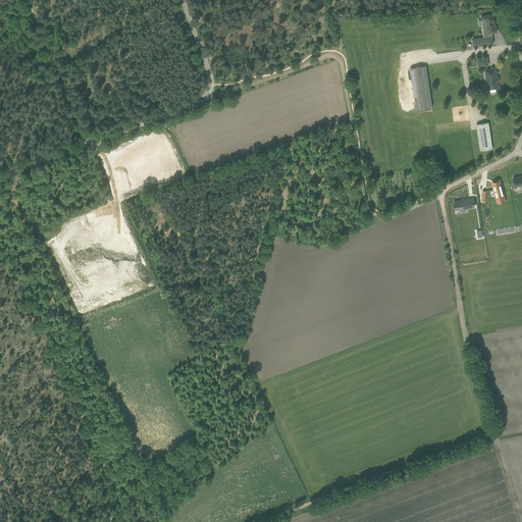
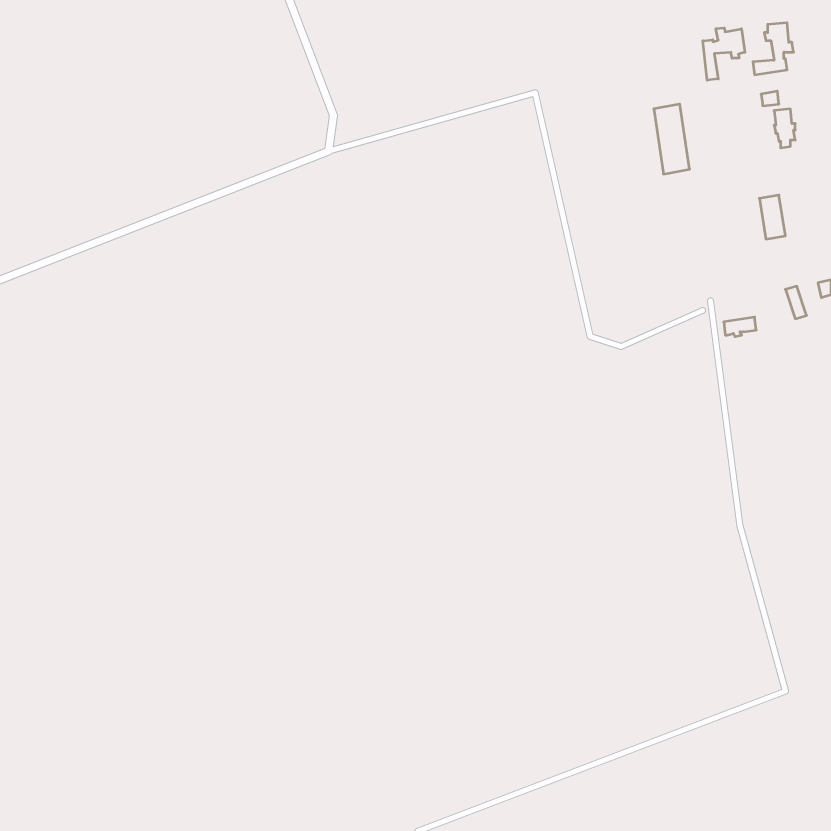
building: none -> [703,28,745,80]

